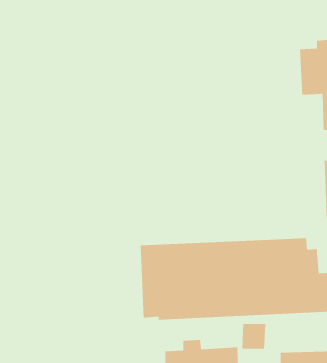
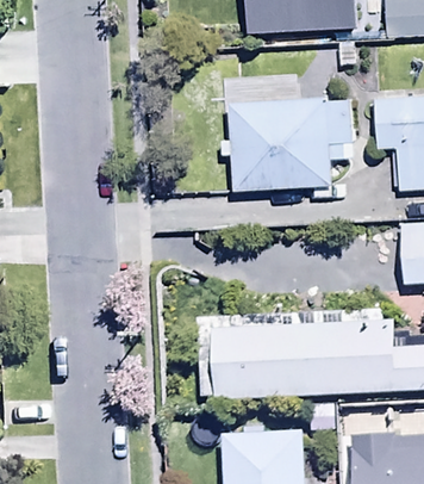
building: none -> [226,85,353,191]

